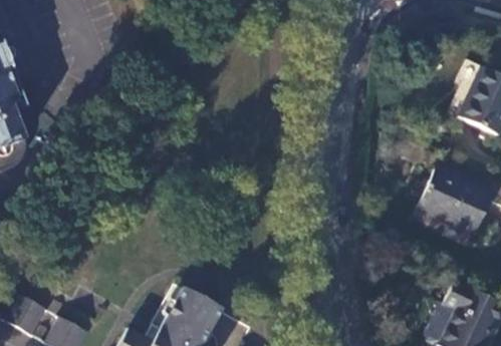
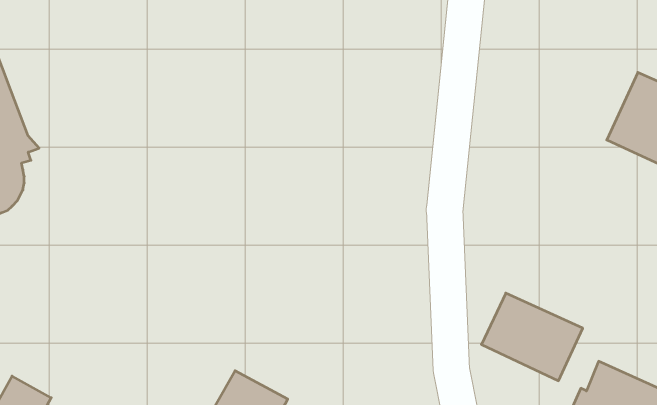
building: [415,169,490,235] -> [481,293,583,381]

